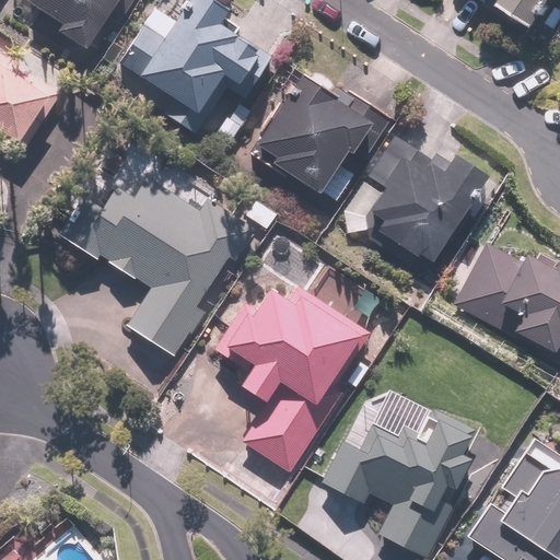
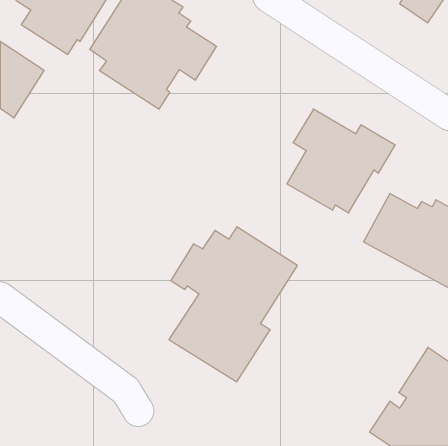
building: [255,63,389,201] -> none
building: [82,162,257,355] -> none
building: [322,419,467,548] -> none

